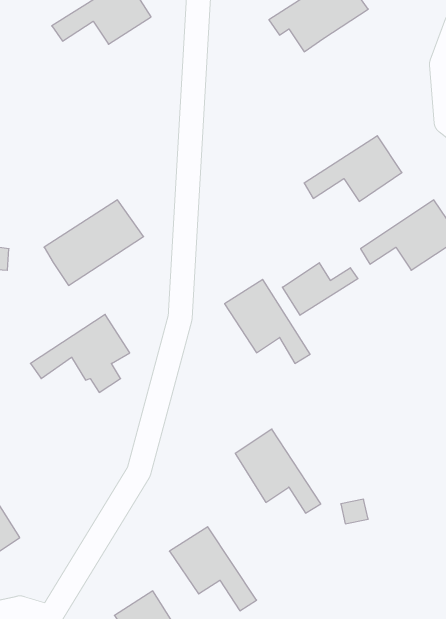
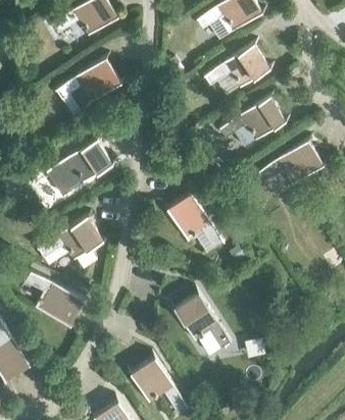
building: none -> [203,44,269,88]
building: none -> [55,58,121,108]
building: [282,263,358,315] -> none
building: none -> [26,272,84,325]

